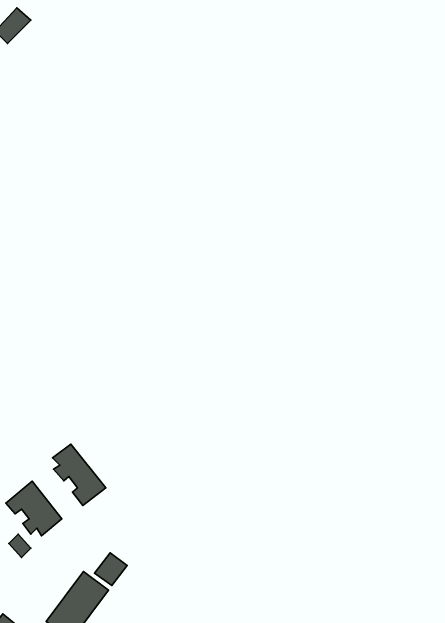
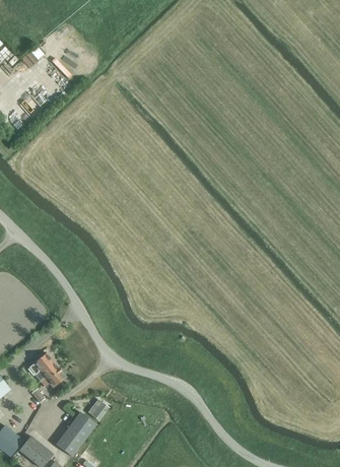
building: [53,444,106,506] -> none

